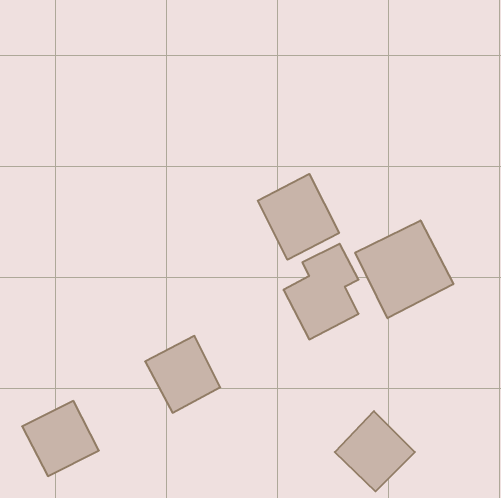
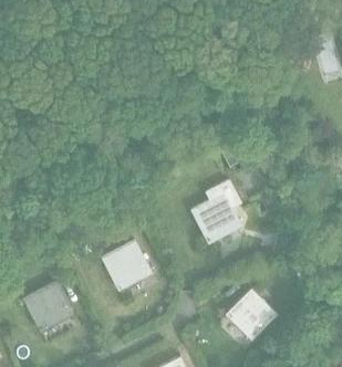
building: [258,174,339,260] -> none
building: [355,220,453,318] -> none

